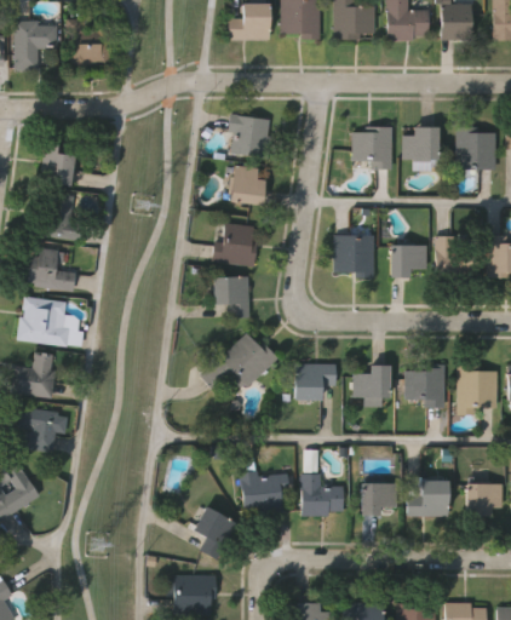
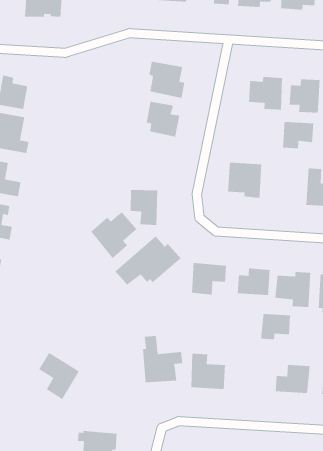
building: [209,222,259,265] -> none
building: [389,243,426,277] -> [282,121,314,149]
building: none -> [90,211,137,259]
building: [357,486,394,518] -> [260,313,291,340]
building: [186,503,239,562] -> [38,352,80,400]

